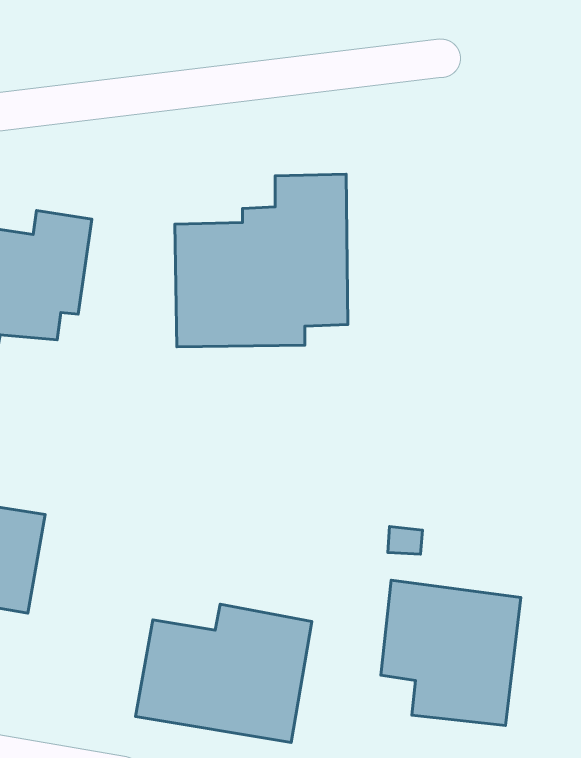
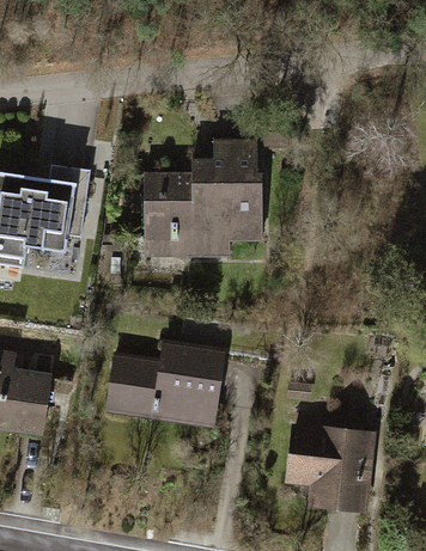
building: [136,604,312,742] -> [106,335,229,430]

